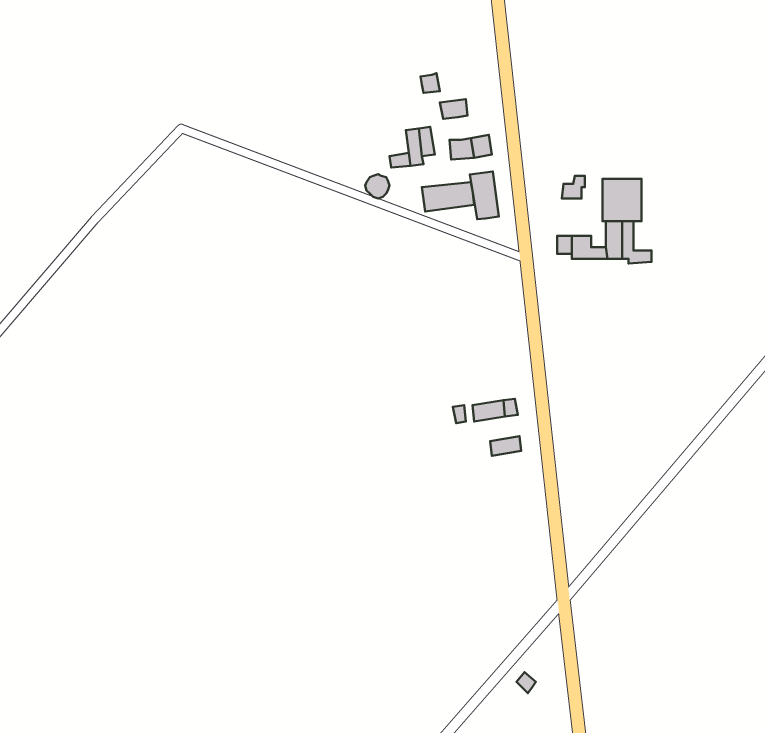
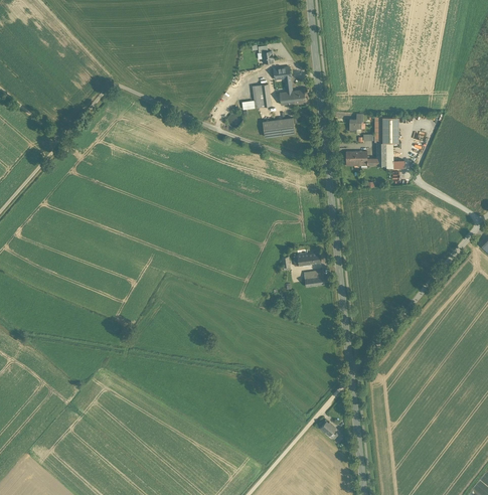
building: [470,171,499,219] -> none

